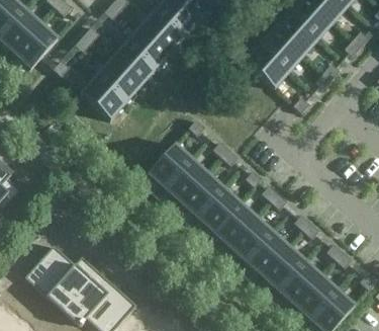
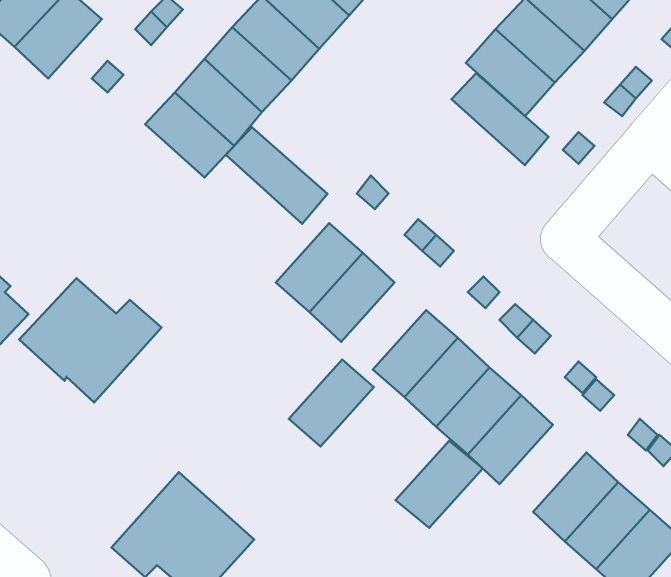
building: none -> [452,73,549,165]
building: none -> [226,127,328,224]
building: [181,173,224,218] -> [289,359,374,446]
building: [25,245,98,309] -> [19,278,162,403]
building: [262,246,306,291] -> [396,441,483,528]

